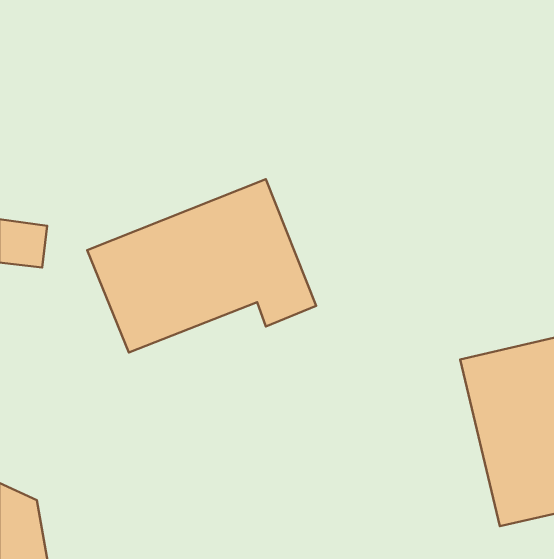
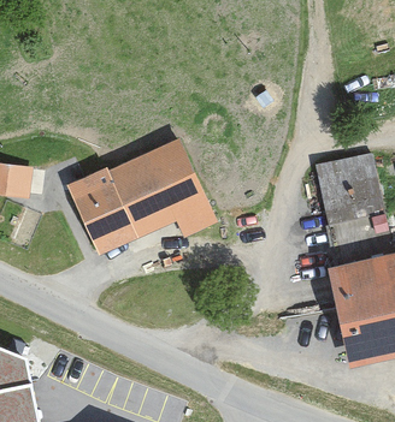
building: none -> [318,154,379,221]

